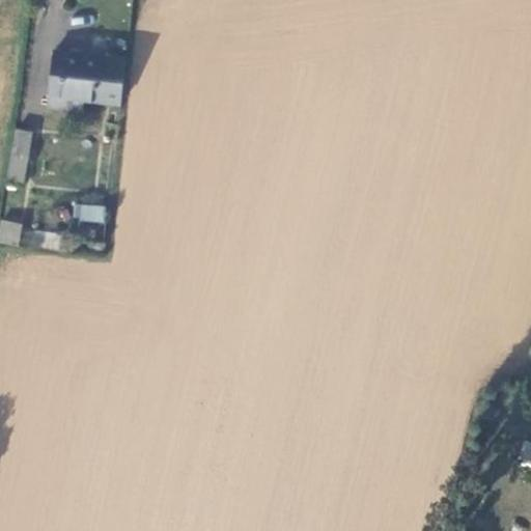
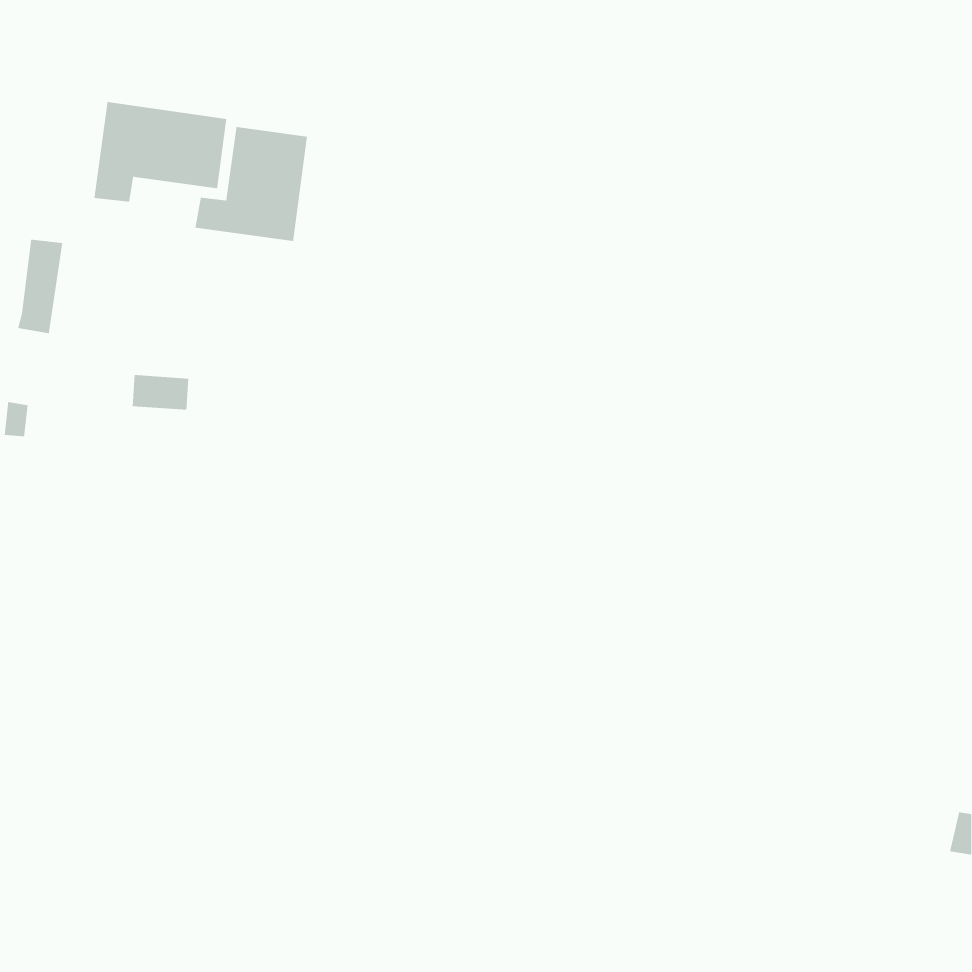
building: none -> [195,126,308,242]

